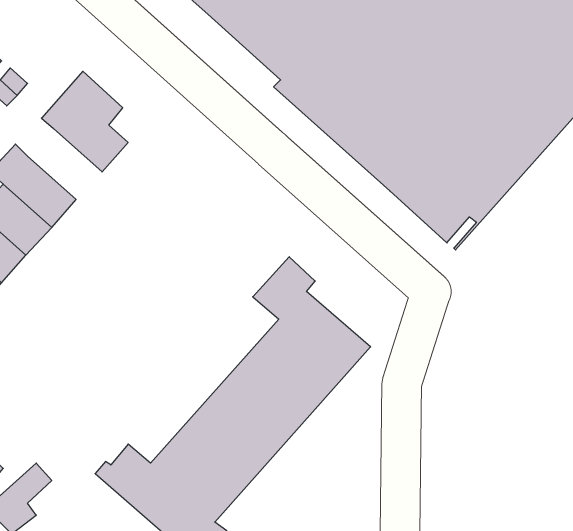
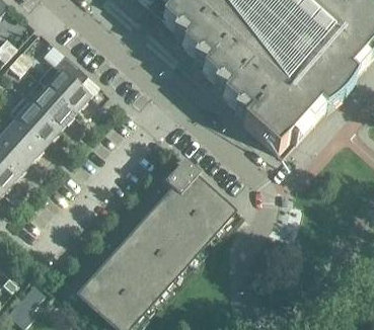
building: none -> [35,80,79,121]

